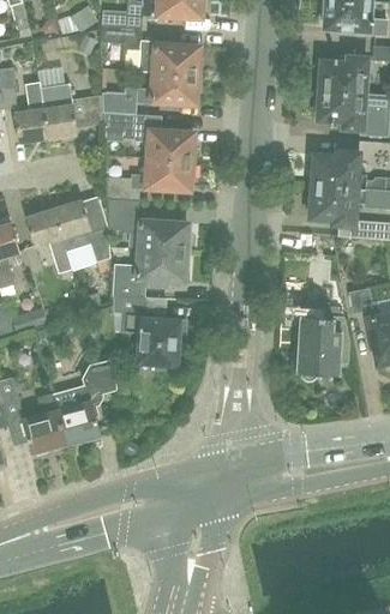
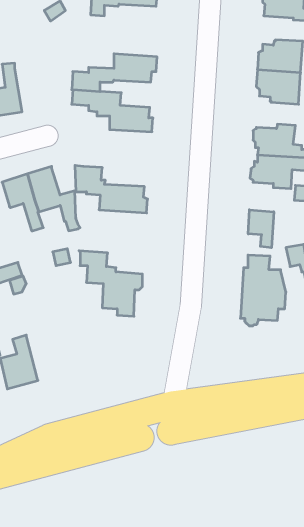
building: [101,26,203,74] -> none
building: [40,84,103,137] -> none
building: [106,157,196,200] -> none
building: [113,248,190,297] -> none
building: none -> [248,210,274,248]
building: [53,357,116,443] -> none

